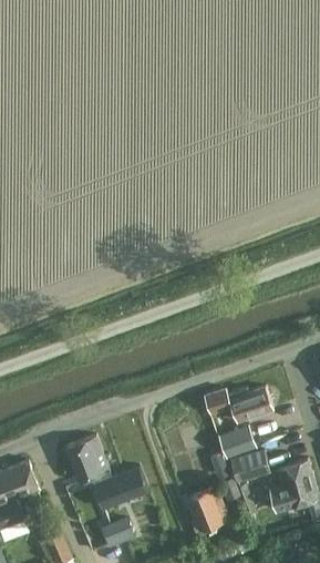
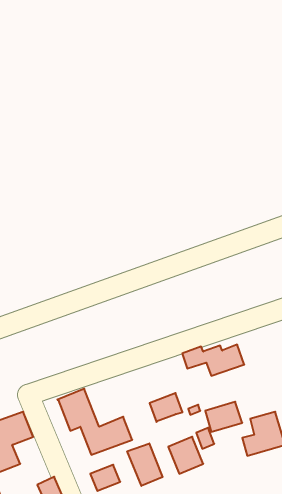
building: [218,427,255,459] -> [150,393,183,422]
building: none -> [127,443,163,486]

